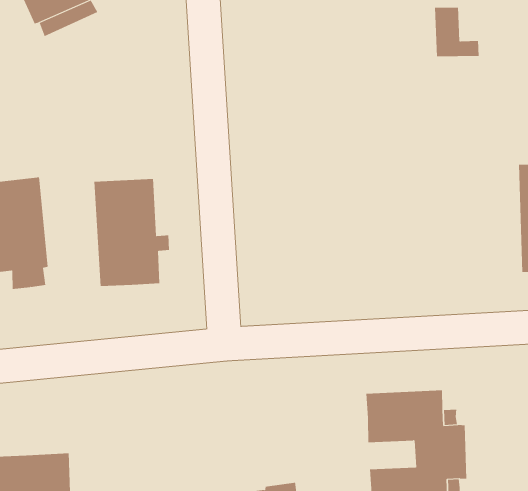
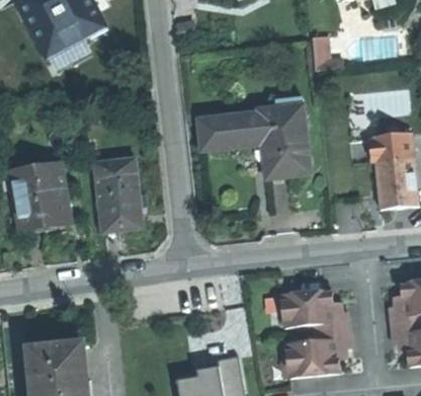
building: none -> [196,109,309,179]

